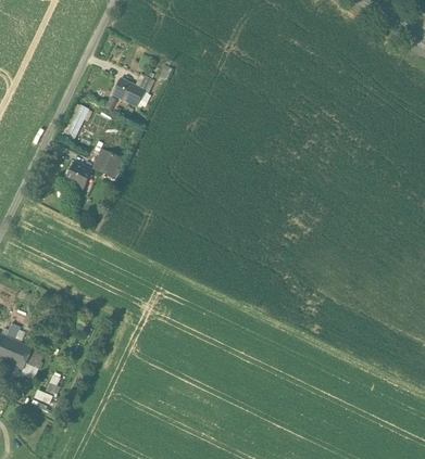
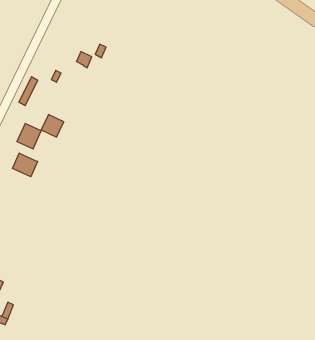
building: [112,78,143,106] -> none
building: none -> [12,153,38,177]

